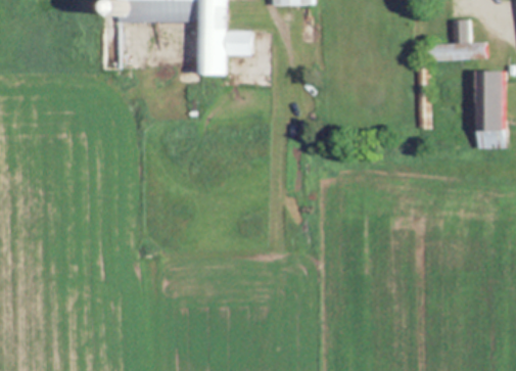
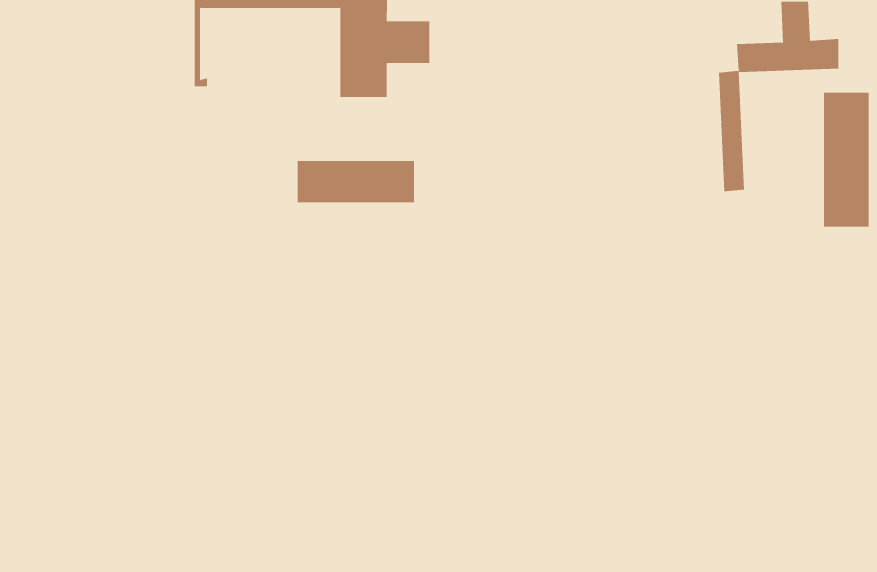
building: none -> [297,160,415,203]

